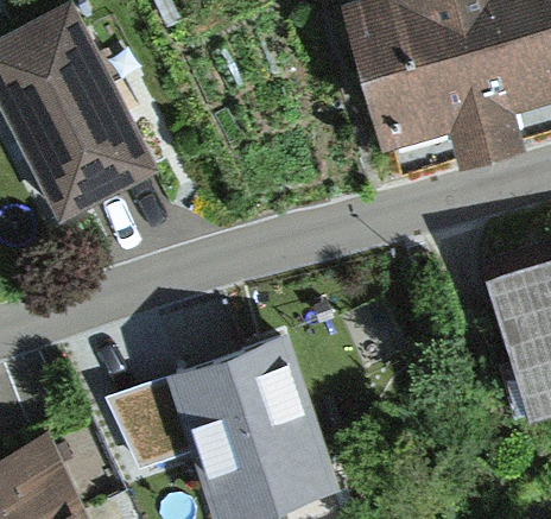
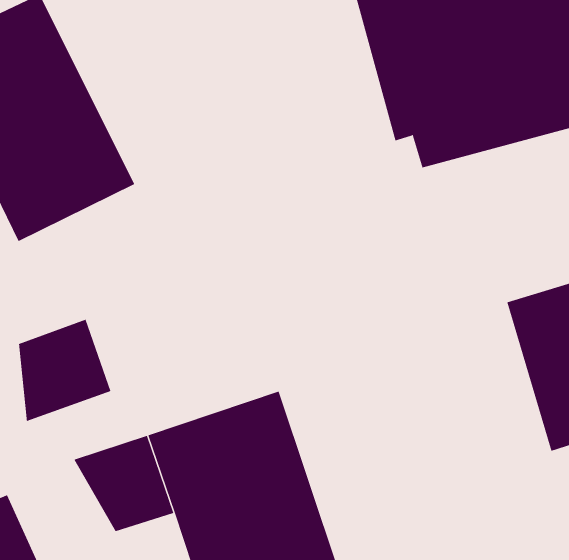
building: none -> [19,319,111,422]

